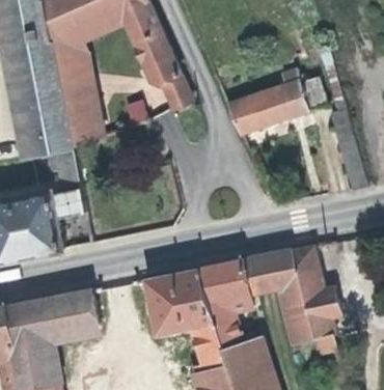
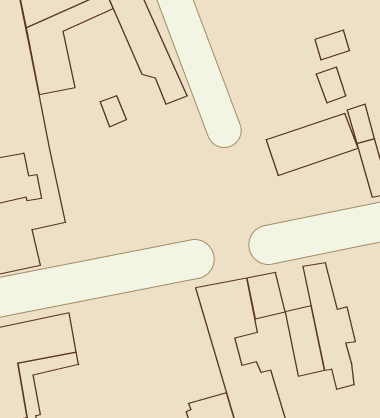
building: [230,81,310,135] -> [266,113,358,176]
building: [62,93,101,147] -> none
building: [268,249,299,288] -> none
building: [143,268,225,365] -> none

